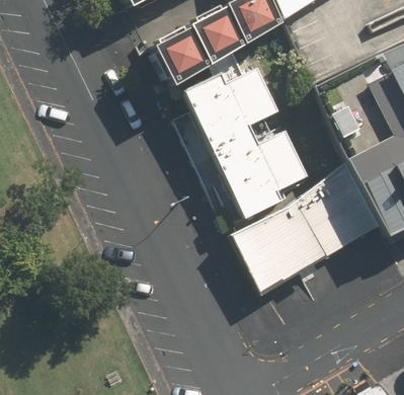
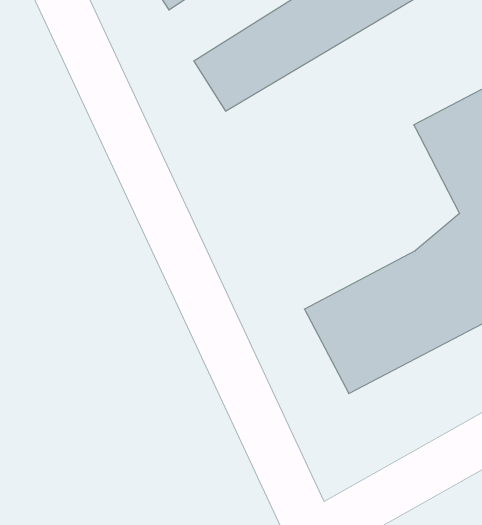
building: [184,65,308,217] -> none

